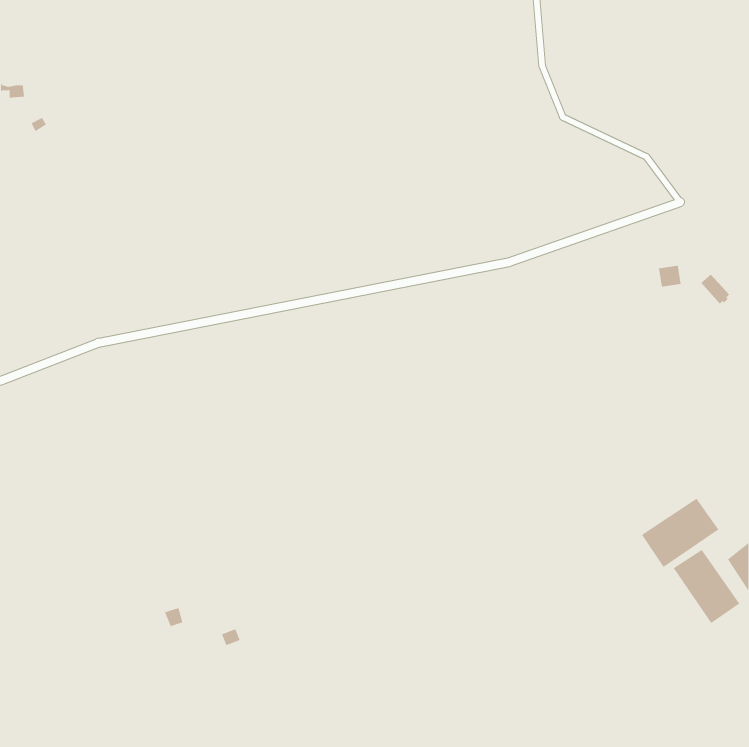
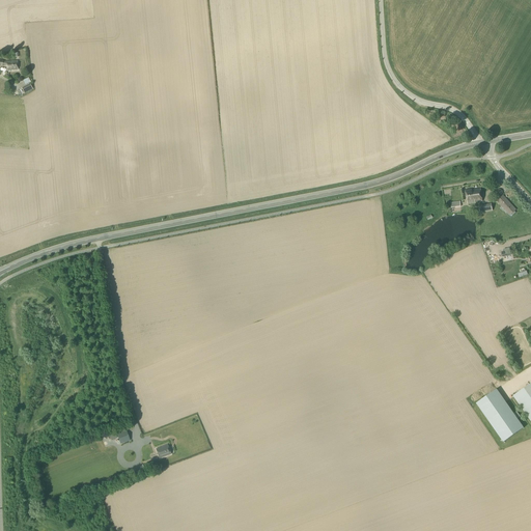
building: [641,498,719,568] -> none

